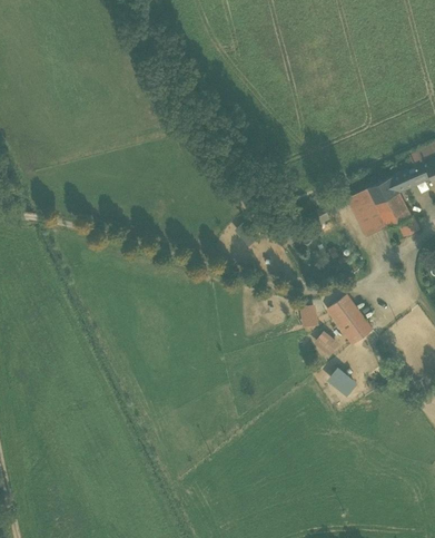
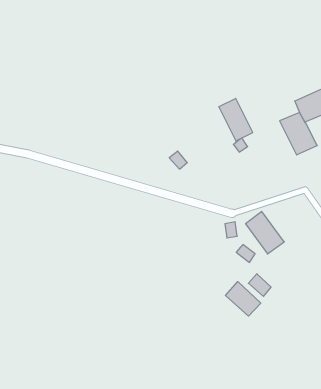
building: [347,188,387,238] -> [219,98,253,141]
building: none -> [225,282,261,316]

